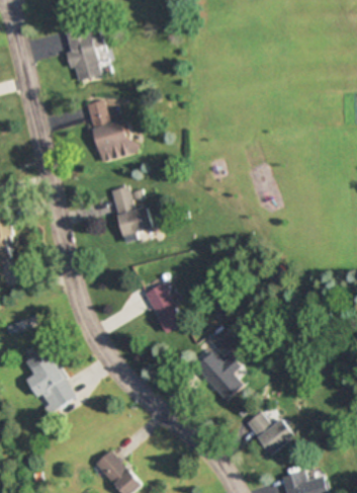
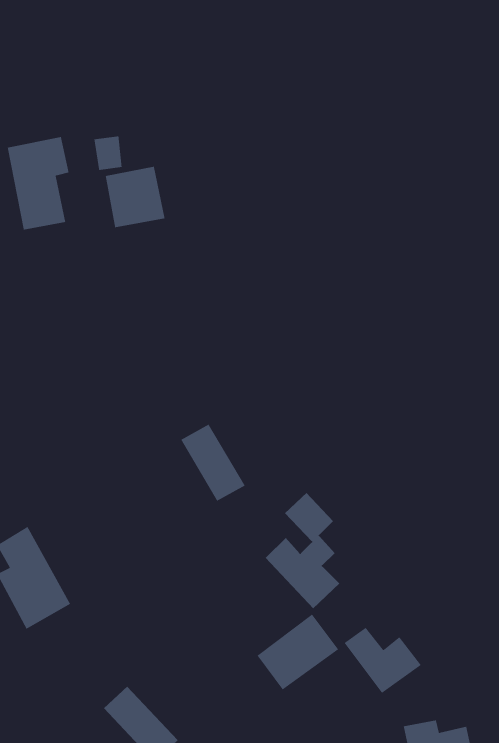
building: [65,21,104,81] -> [7,136,69,230]
building: [110,185,154,243] -> none
building: none -> [257,614,339,691]

